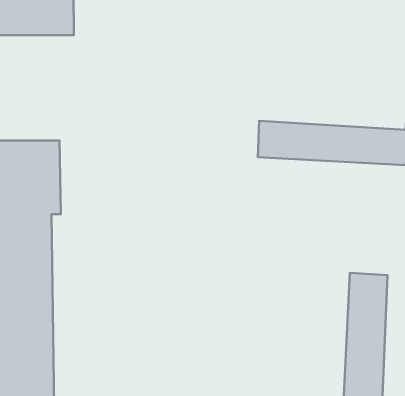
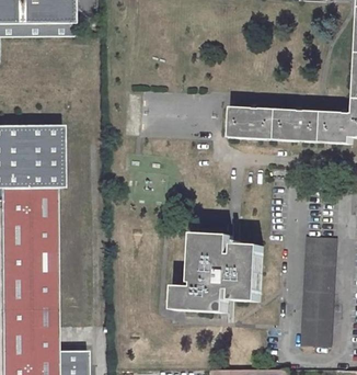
building: none -> [171,236,260,317]

